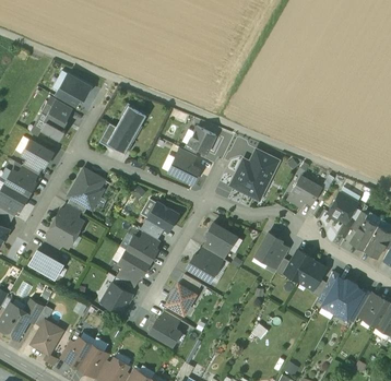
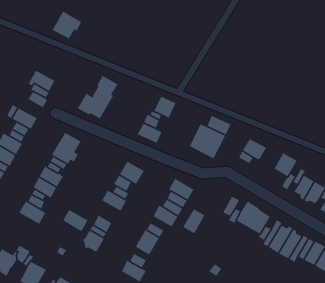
building: [55,74,91,108] -> [52,11,82,39]
building: [254,234,282,264] -> [182,208,206,235]
building: [119,250,150,277] -> [62,209,88,232]

